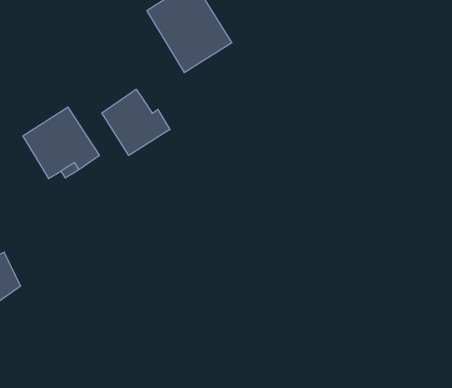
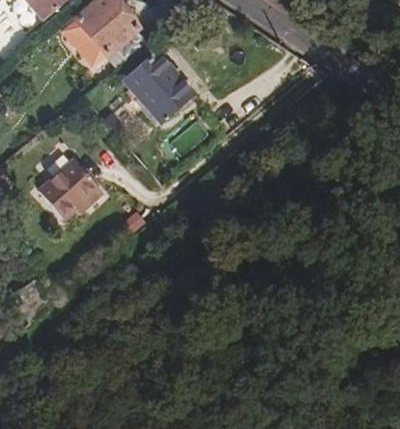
building: [102,89,170,155] -> none

